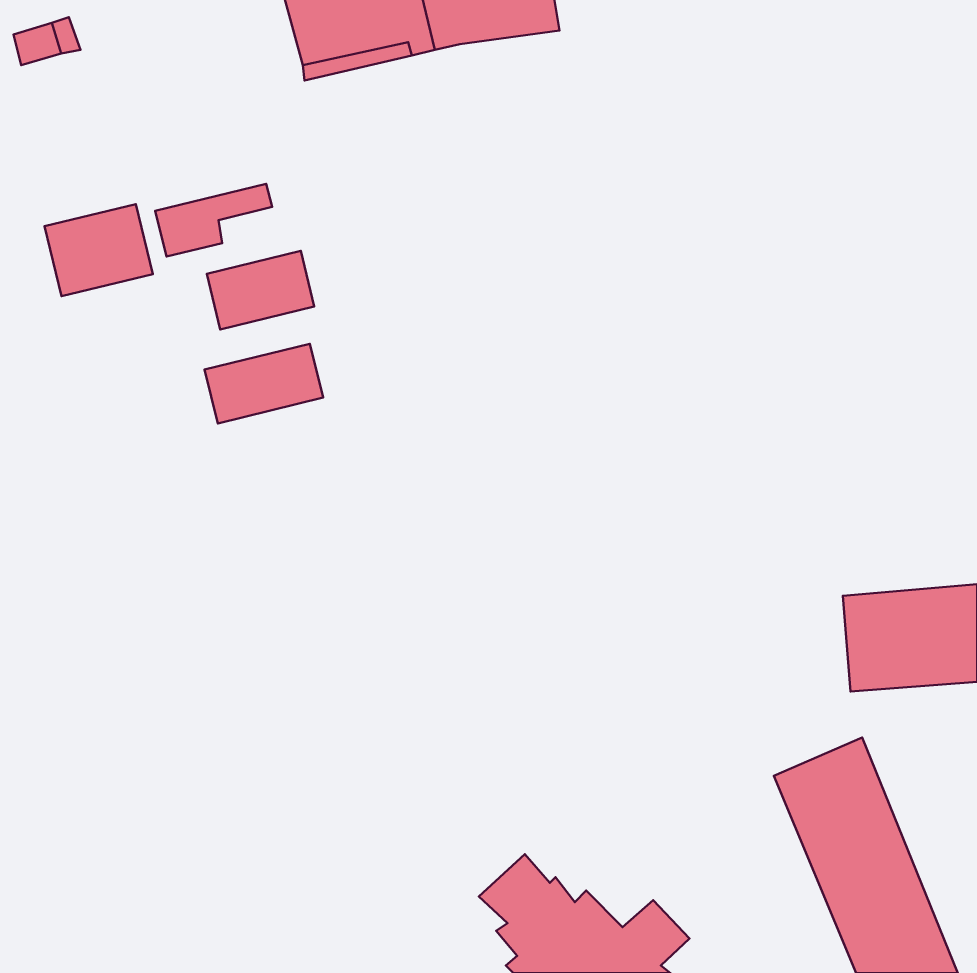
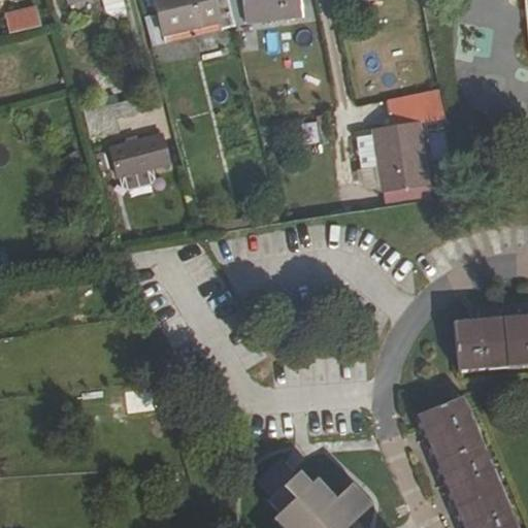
building: none -> [373,89,446,192]
building: [44,204,153,296] -> none
building: [204,344,323,423] -> none

